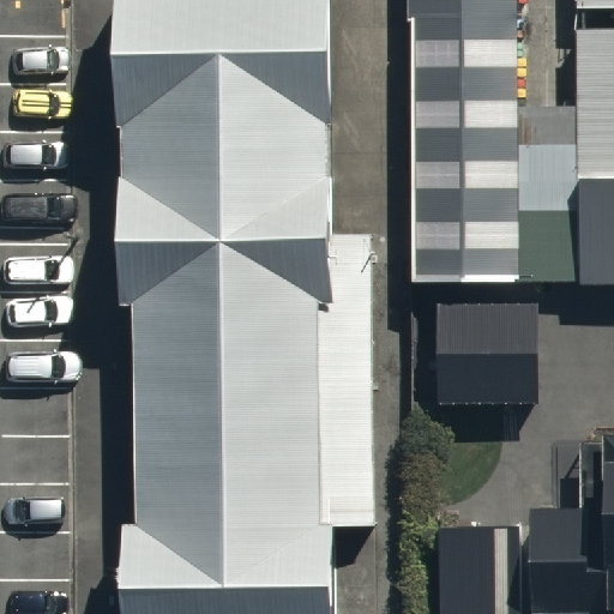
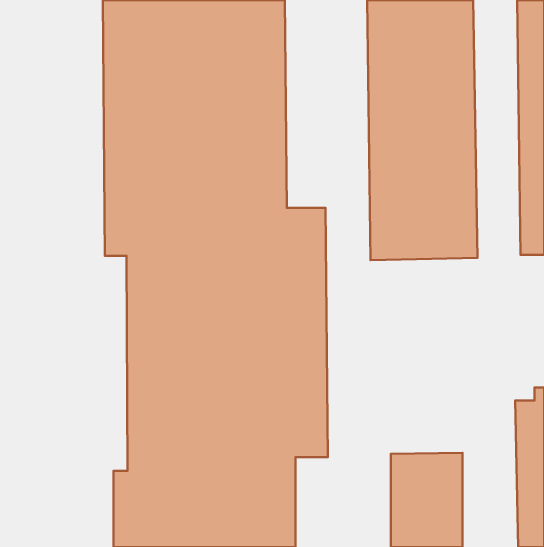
building: [434,303,536,410] -> none

